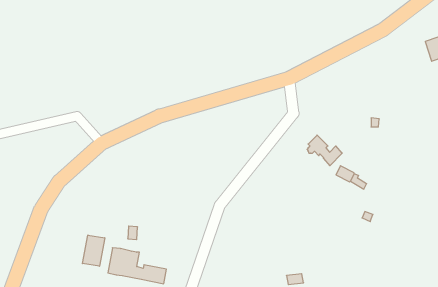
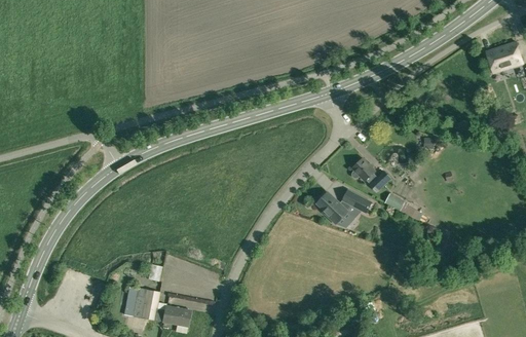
building: none -> [317,189,372,223]
building: [82,235,105,266] -> none

